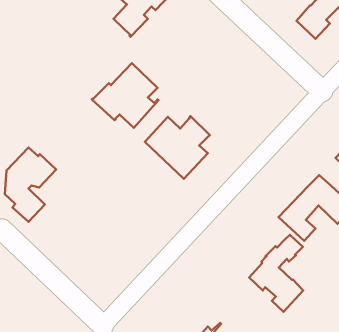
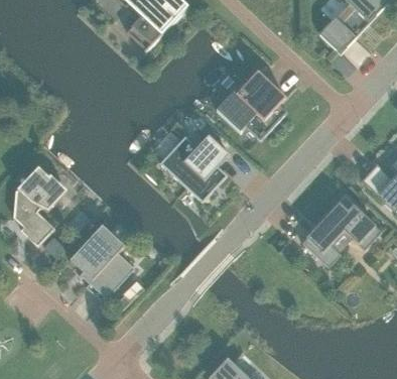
building: [92,63,158,128] -> [216,70,286,138]
building: none -> [70,224,135,300]
building: [249,235,303,312] -> none

